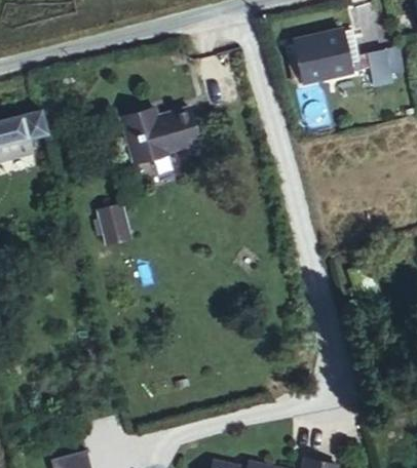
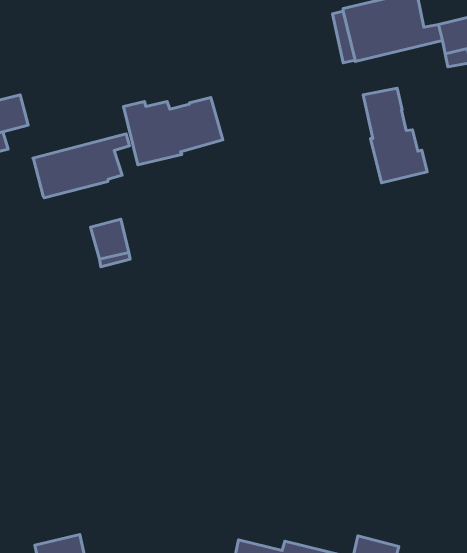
building: none -> [363,88,427,183]
building: none -> [33,134,129,198]

